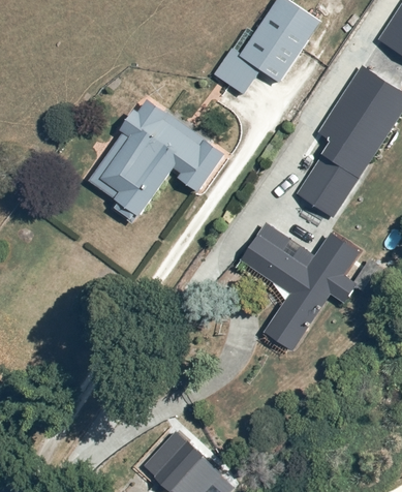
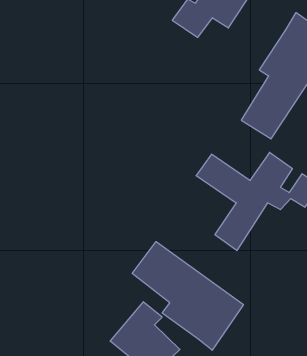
building: [89,98,226,222] -> none
building: none -> [132,242,243,350]

